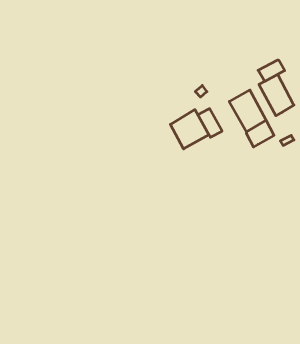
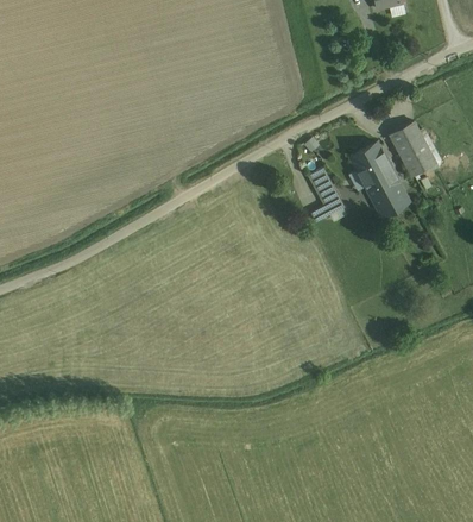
building: [258,60,285,81] -> none
building: [170,110,209,149] -> none

